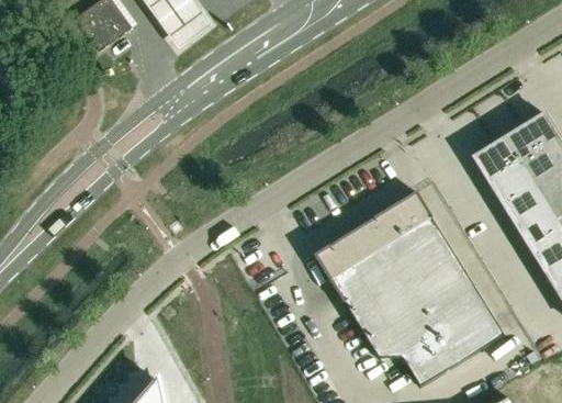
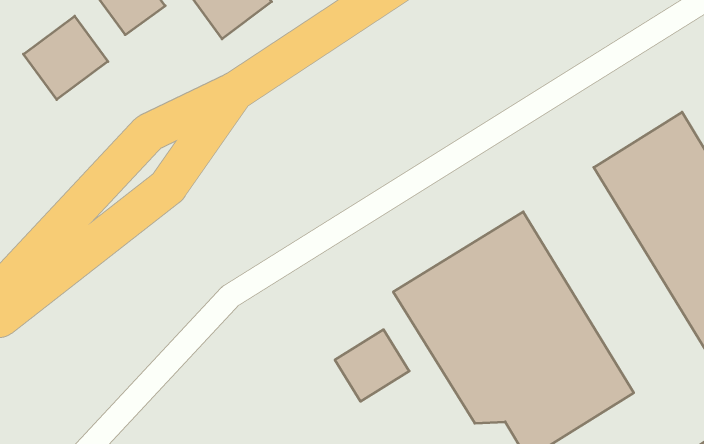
building: none -> [23,16,108,100]
building: none -> [335,330,409,401]

